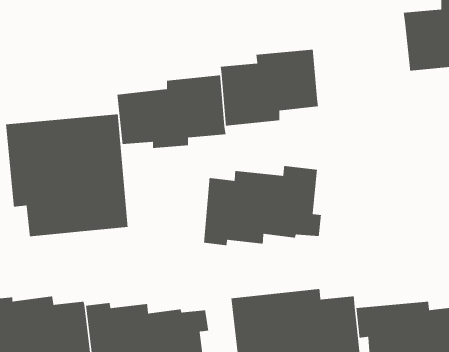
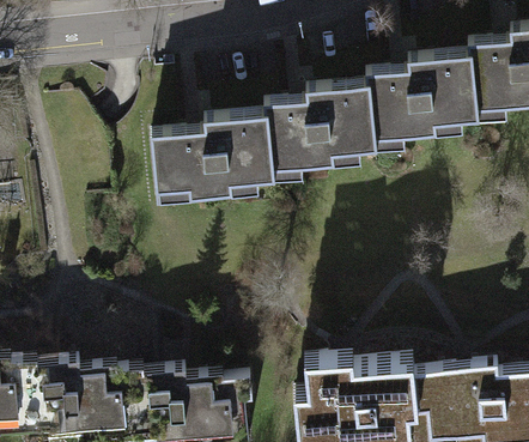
building: none -> [369,55,476,140]
building: [5,114,129,237] -> none
building: [203,165,322,246] -> none

